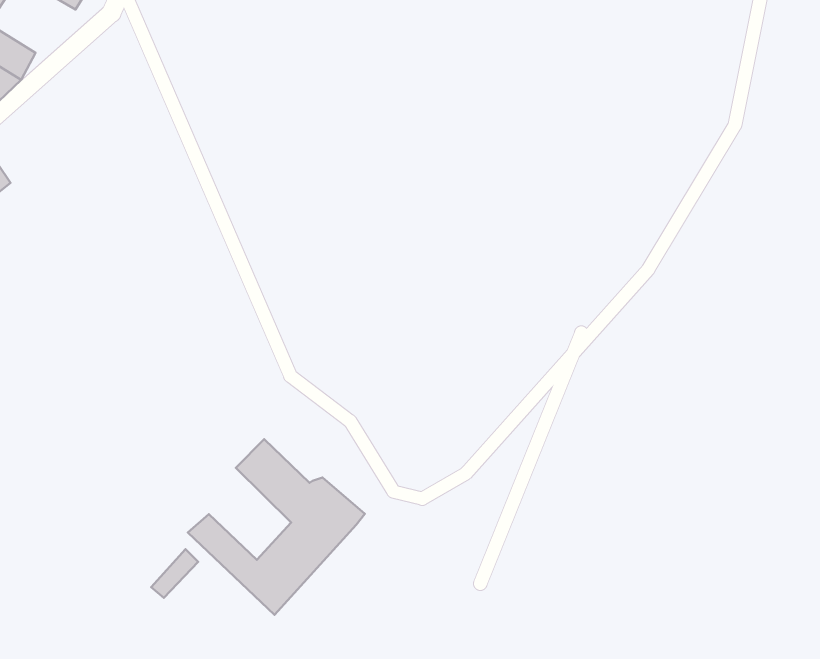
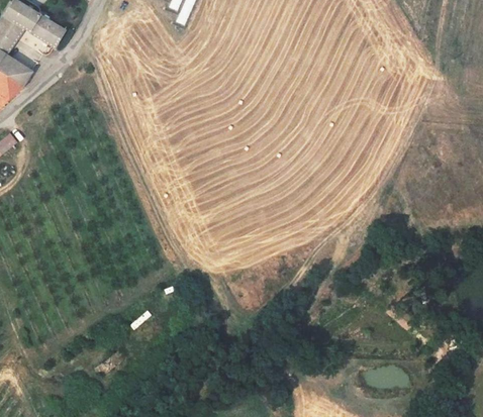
building: [188,439,365,615] -> none

